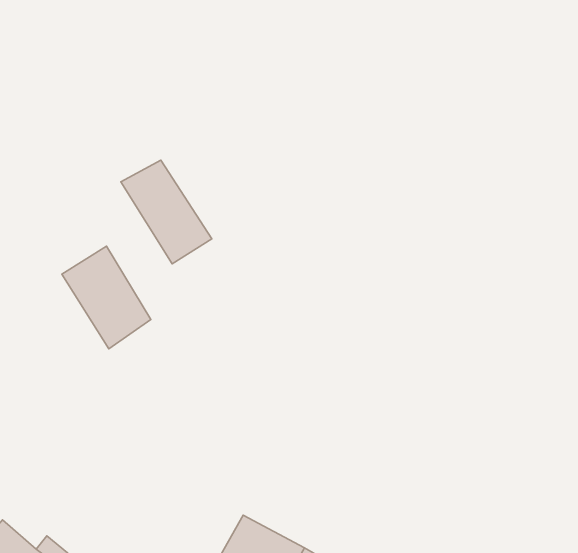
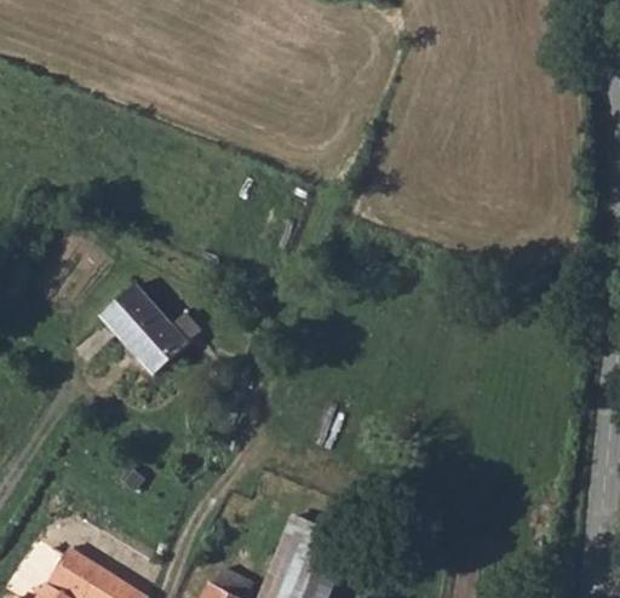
building: [121,160,212,264] -> none

